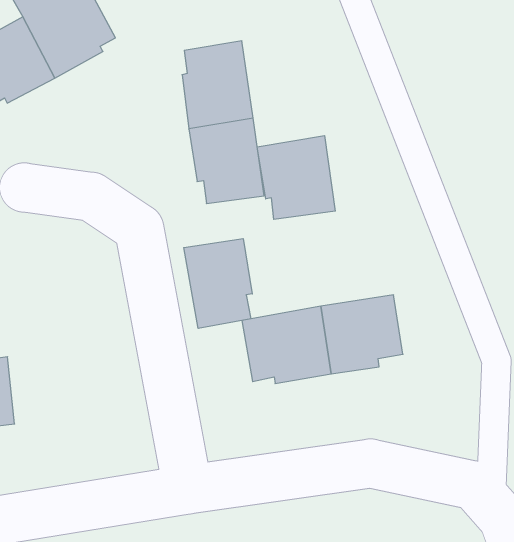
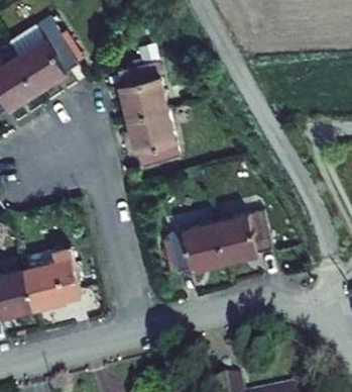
building: [257,136,335,219] -> none
building: [184,239,252,328] -> none
building: none -> [26,248,78,311]

